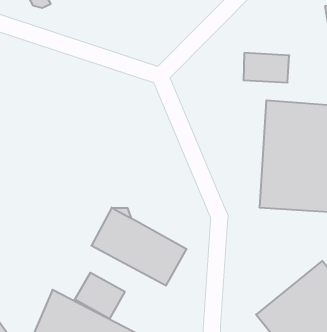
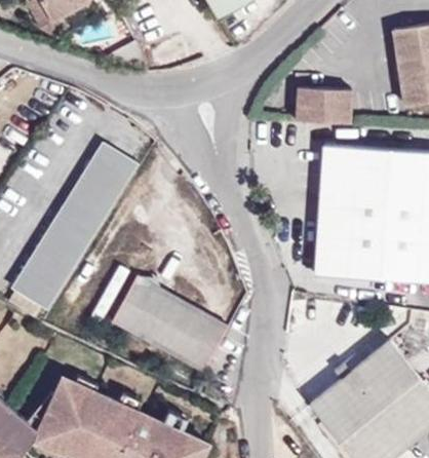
building: none -> [12,141,138,308]
building: [75,273,125,319] -> none

